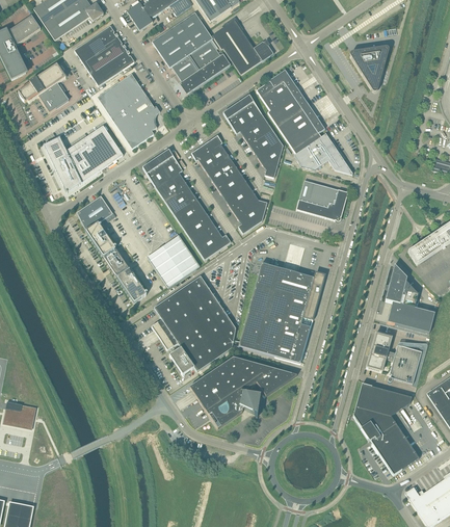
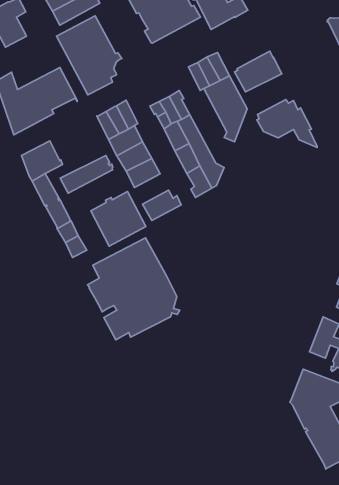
building: [257,70,298,108] -> none
building: [280,108,325,149] -> none
building: [296,179,348,220] -> none
building: none -> [60,155,113,193]
building: [185,214,217,244] -> none
building: [238,262,323,363] -> none
building: [189,355,296,427] -> none

